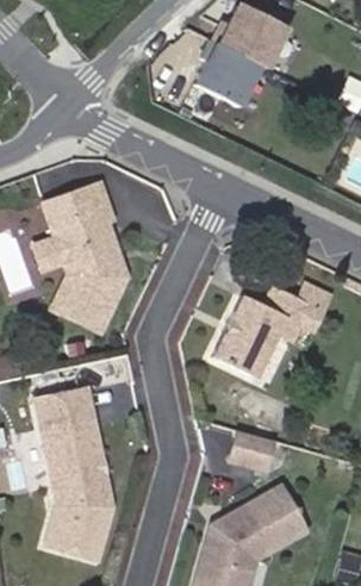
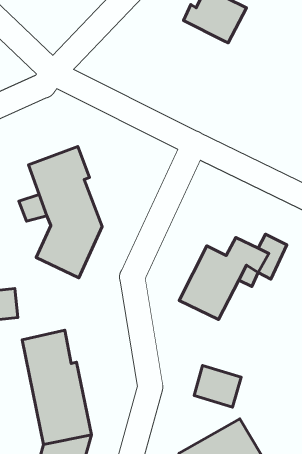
building: [191,40,261,107] -> none

